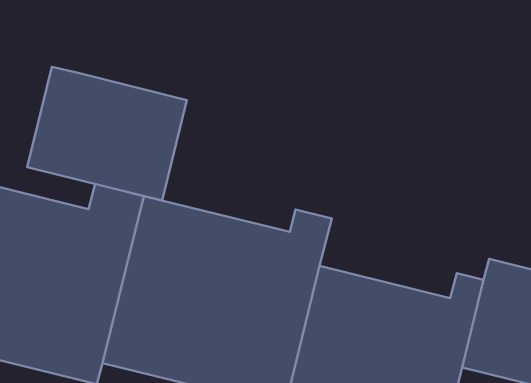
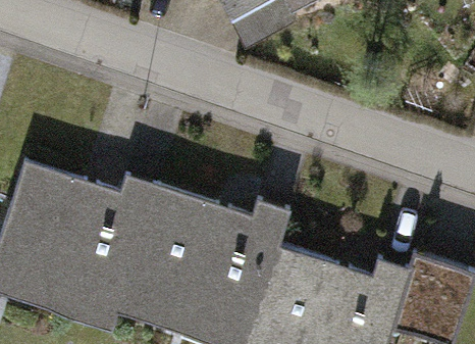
building: [27,67,187,201] -> none

